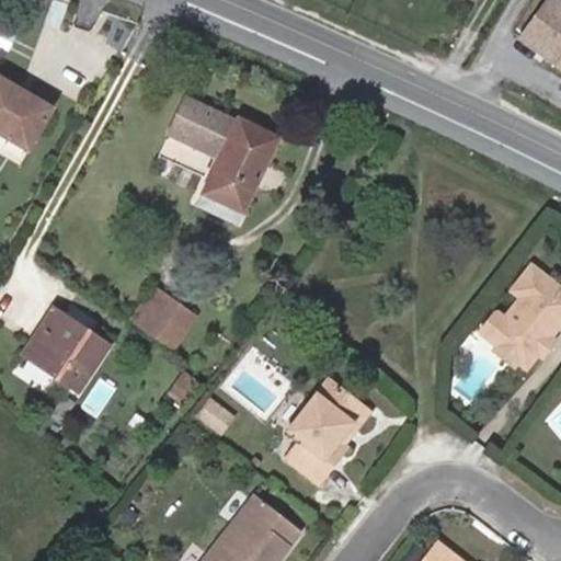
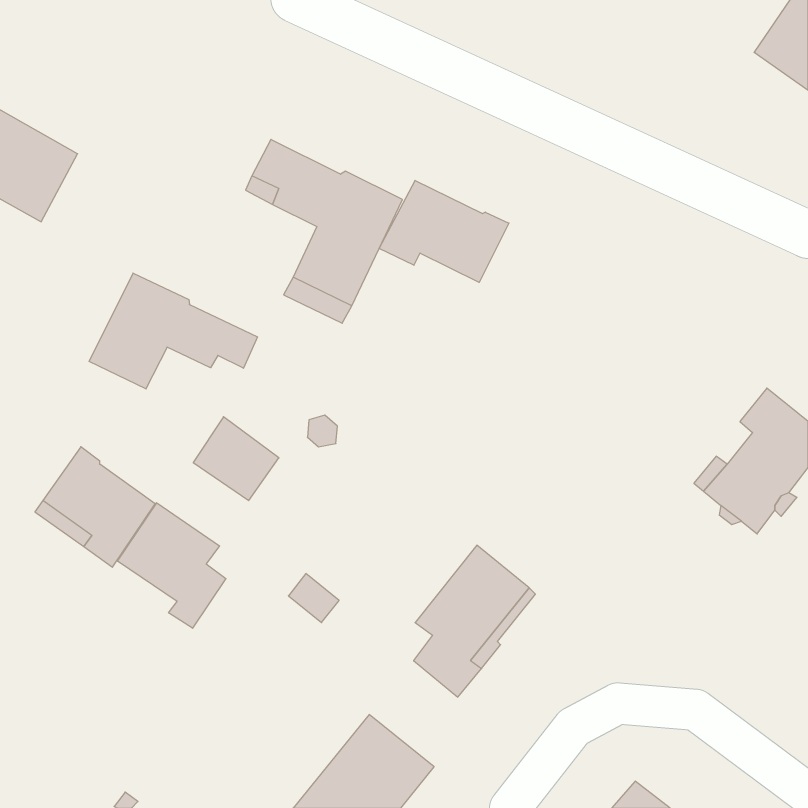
building: none -> [379,180,509,282]
building: none -> [89,273,258,389]
building: none -> [117,503,226,628]

